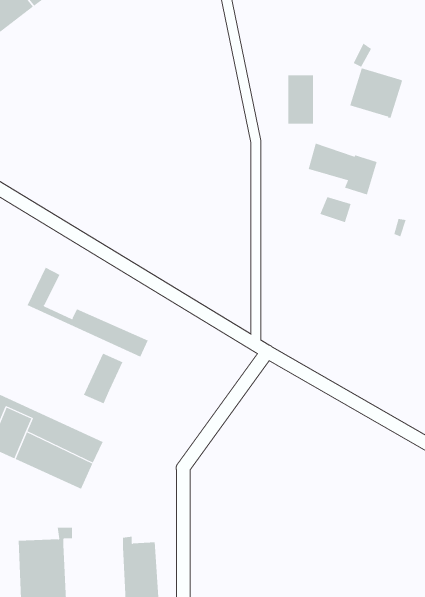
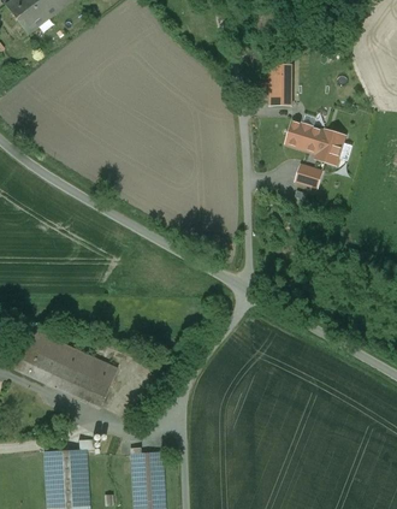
building: [350,68,403,119] -> none
building: [27,267,148,358] -> none
building: [83,353,123,404] -> none

